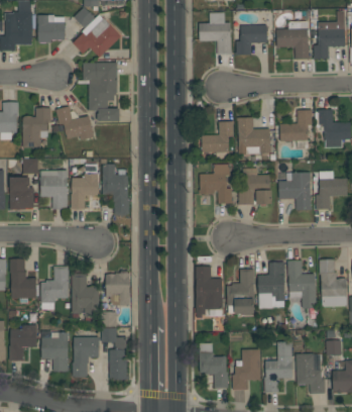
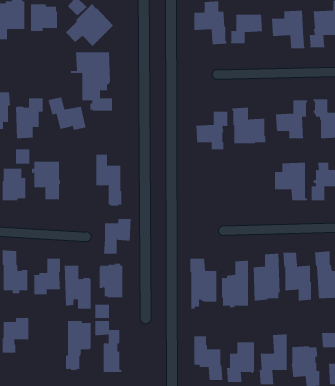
building: [199,164,233,204] -> none
building: [238,170,272,207] -> none
building: [71,174,99,209] -> [103,219,132,254]
building: [42,331,69,372] -> none

